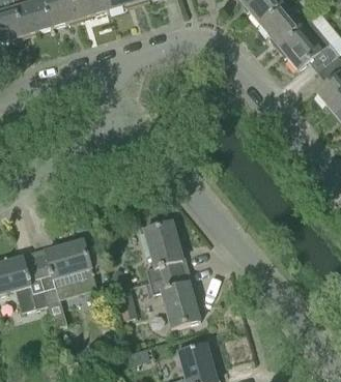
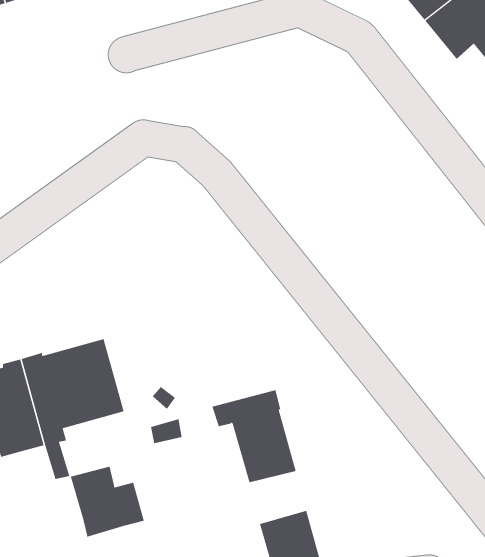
building: [143,222,188,281] -> none
building: none -> [70,466,145,537]

